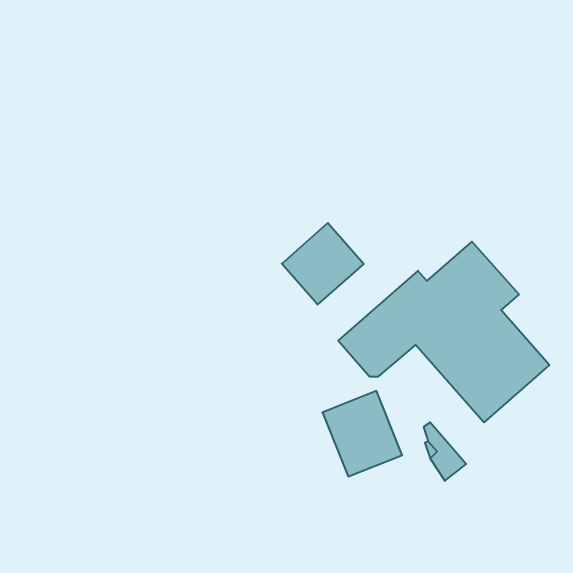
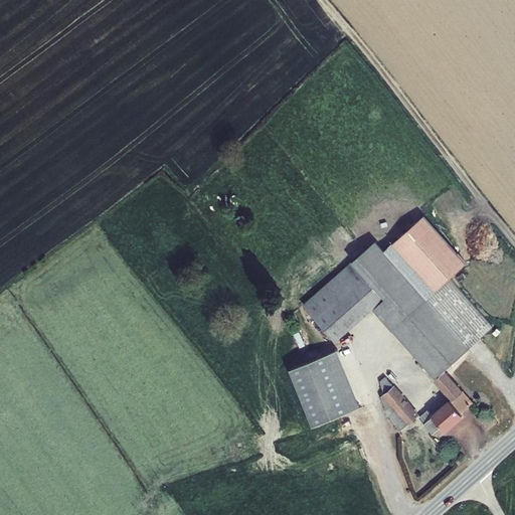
building: [282,223,364,305] -> none
building: none -> [418,373,471,435]

